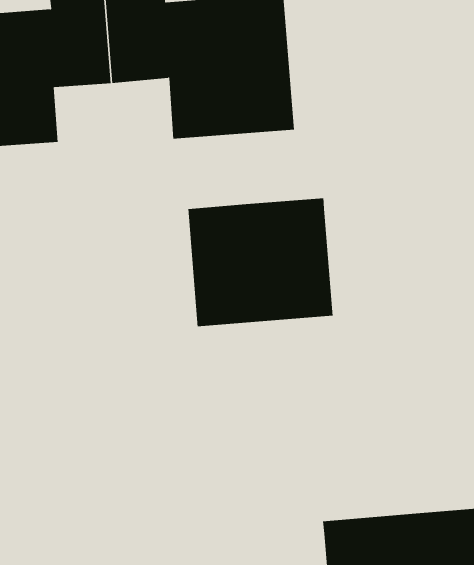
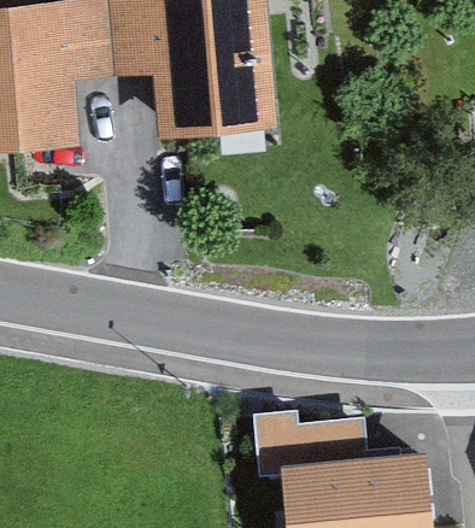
building: [188,197,333,327] -> none
building: none -> [268,420,382,486]

